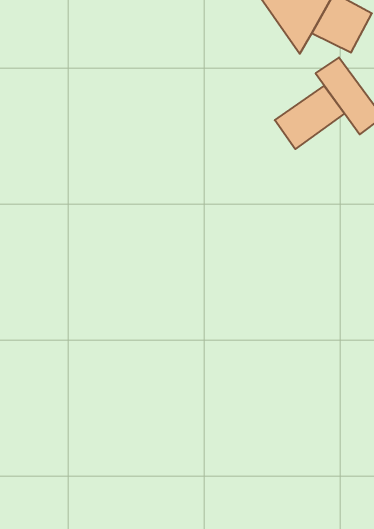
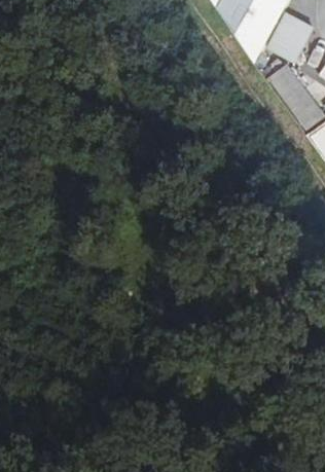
building: [275,86,345,149] -> none

